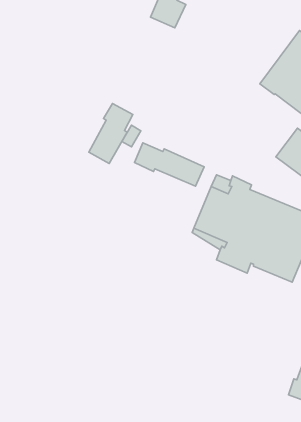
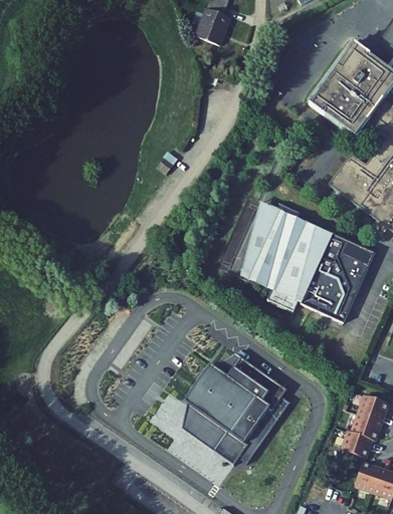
building: [89,103,133,163] -> none
building: [134,143,204,186] -> none
building: none -> [183,352,290,464]

